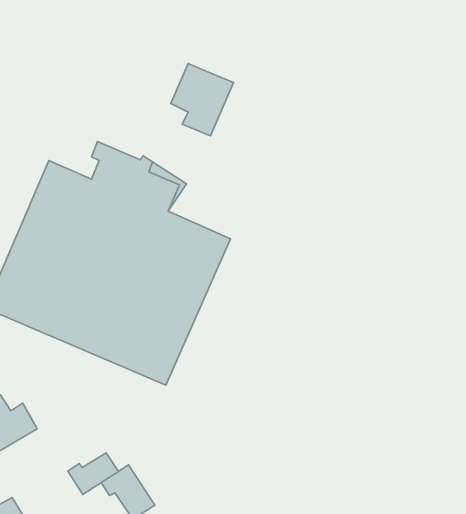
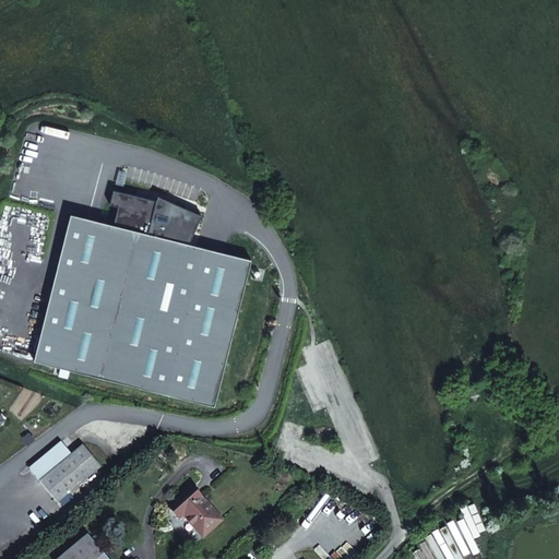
building: [171,63,233,136] -> none
building: [68,453,118,494] -> none

